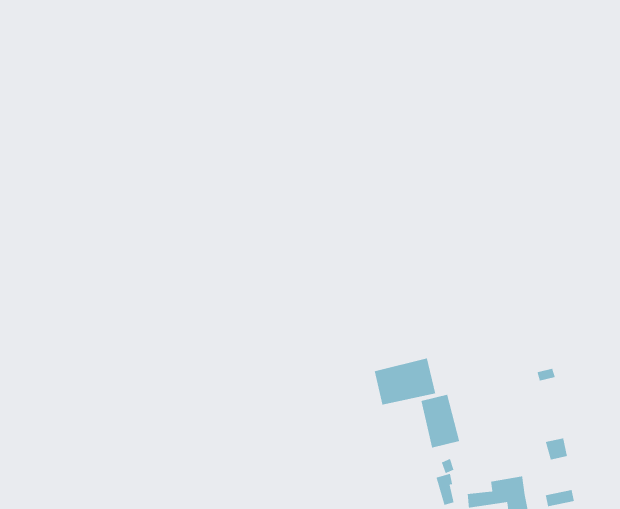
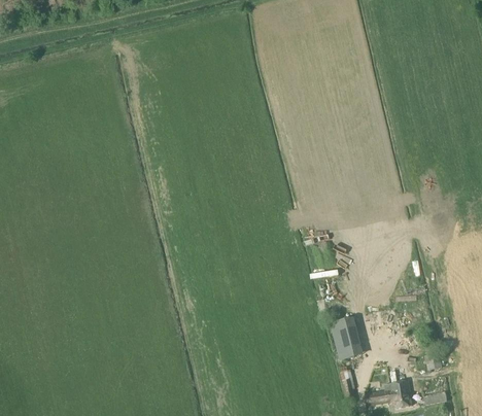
building: [374,357,436,406] -> none

